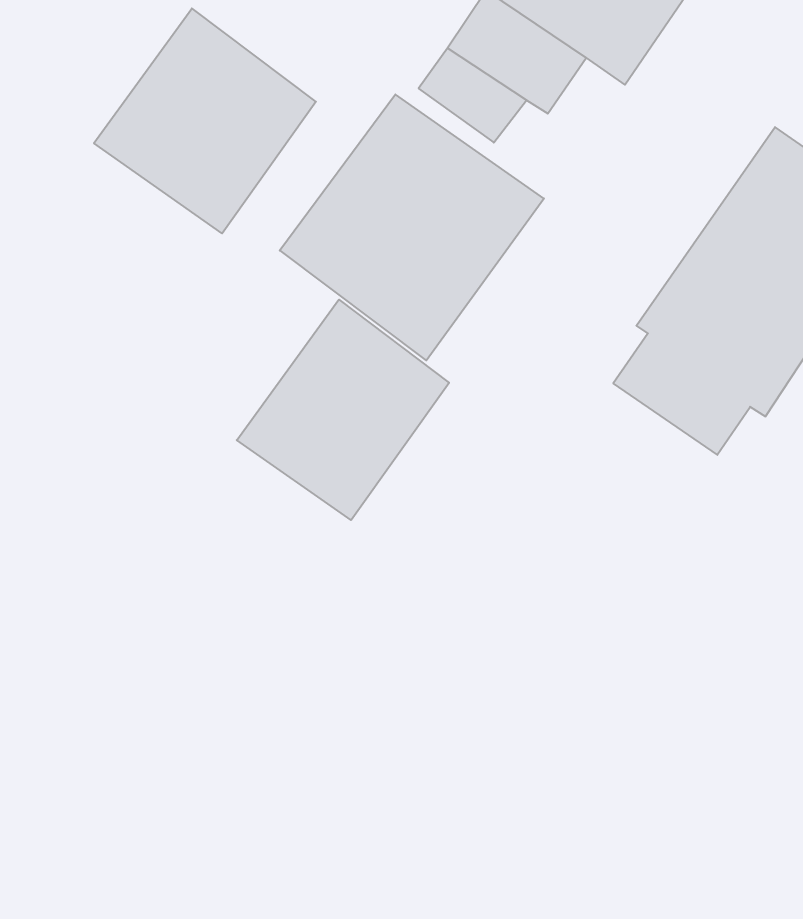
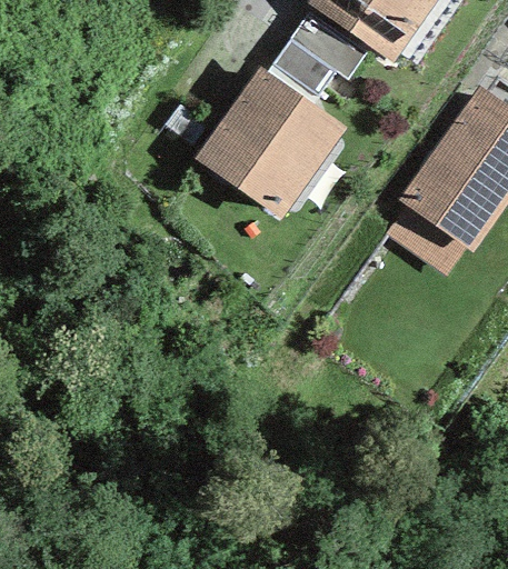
building: [94,8,316,233] -> none
building: [237,300,449,520] -> none

